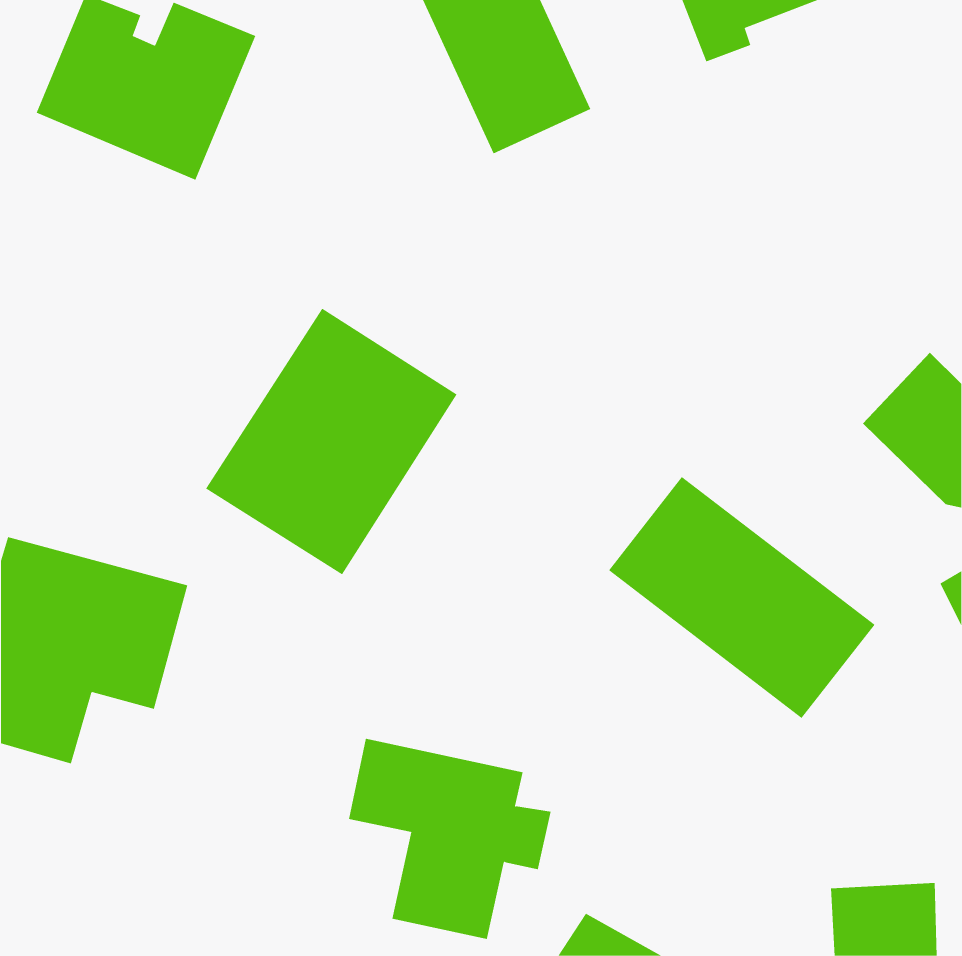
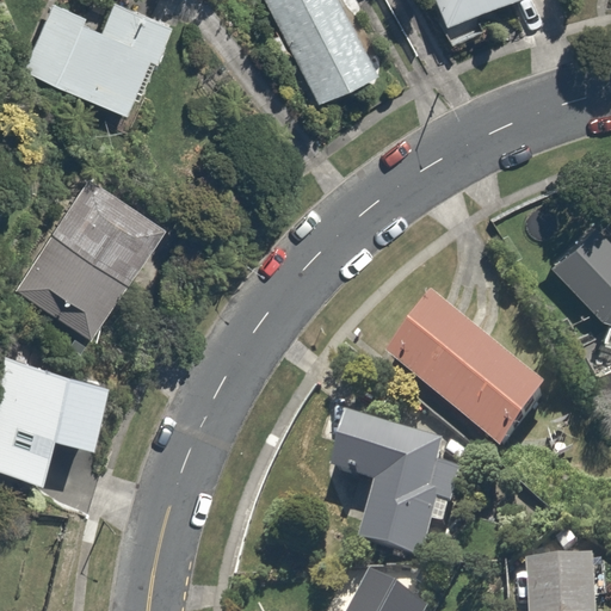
building: [205,308,457,575] -> [14,172,174,341]
building: [348,738,552,940] -> [339,431,468,558]

